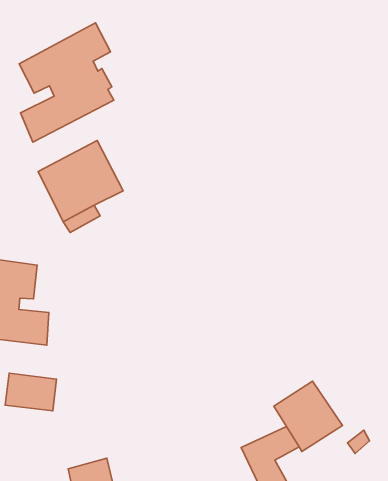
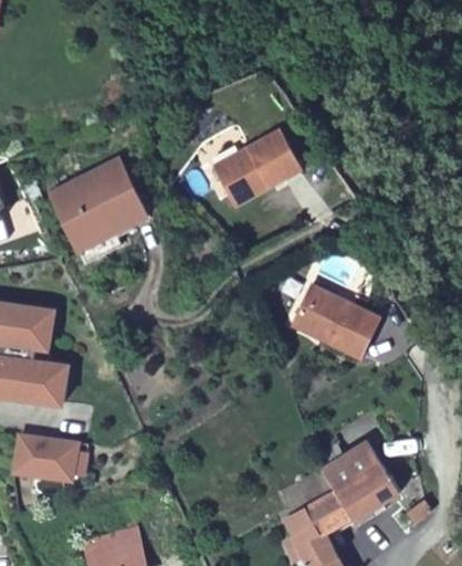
building: [19,23,114,142] -> none
building: none -> [214,132,304,209]
building: none -> [295,289,384,364]

